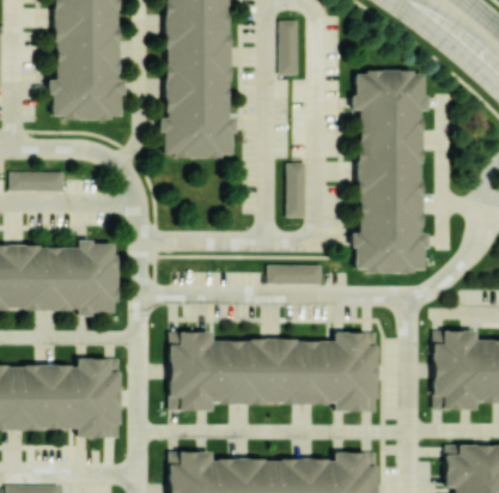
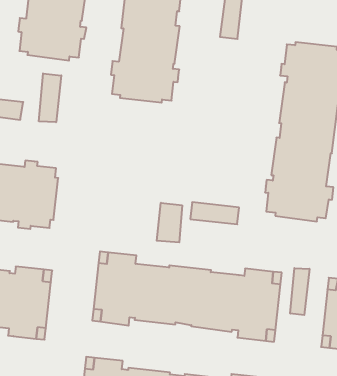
building: none -> [39,73,61,122]
building: [287,163,306,218] -> none
building: none -> [157,203,182,242]
building: none -> [290,268,309,315]

